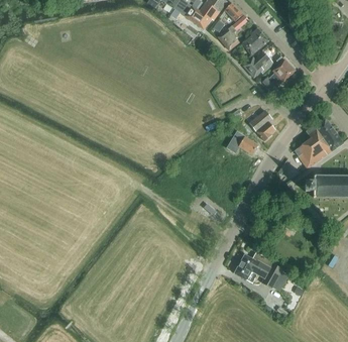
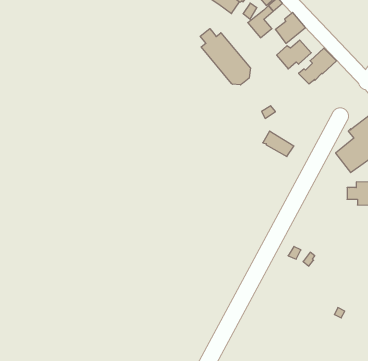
building: none -> [200,29,251,85]
building: [246,109,274,140] -> none
building: [234,253,287,290] -> none

